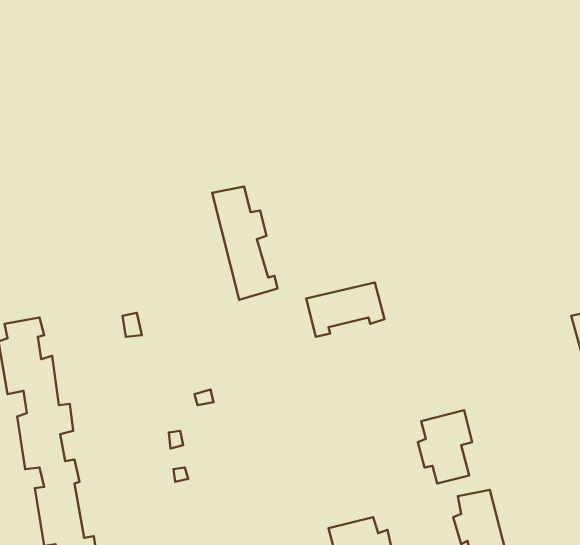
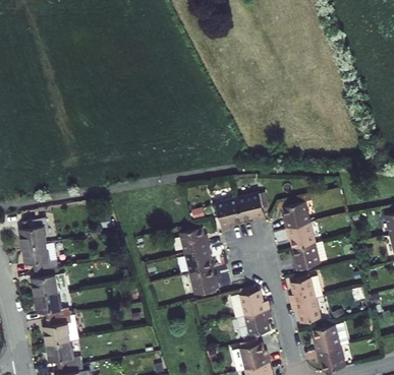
building: [212,186,278,300] -> [178,225,220,297]
building: none -> [282,197,320,270]
building: none -> [231,289,270,336]

